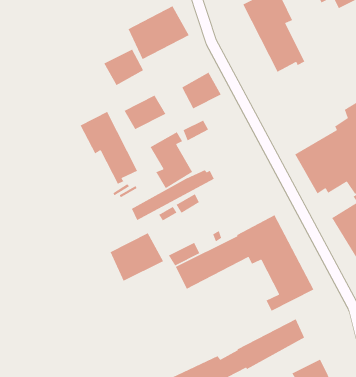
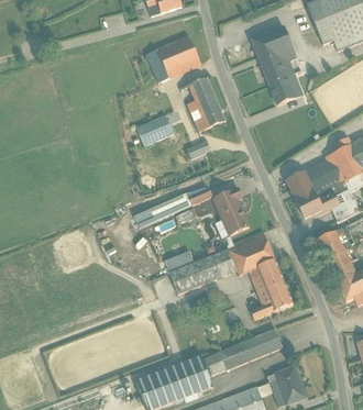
building: [103,48,144,86] -> [179,77,216,110]
building: [79,111,138,185] -> none
building: [149,131,193,189] -> [211,187,249,239]
building: [109,232,164,282] -> none

